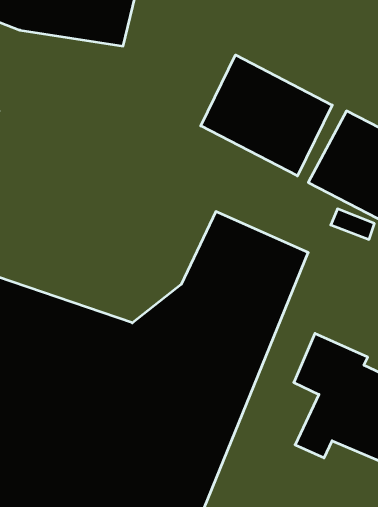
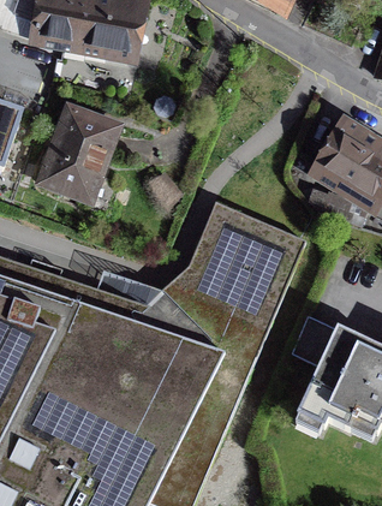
building: [201,55,332,176] -> none
building: none -> [31,100,124,208]

